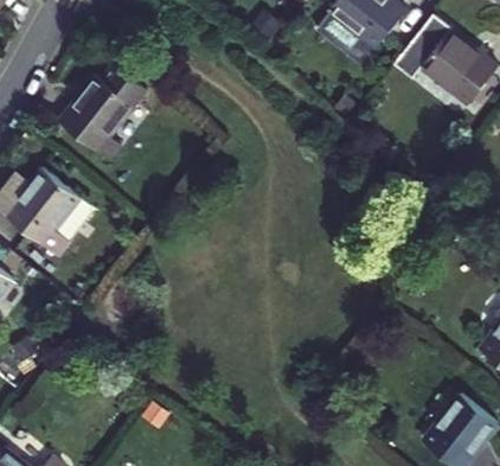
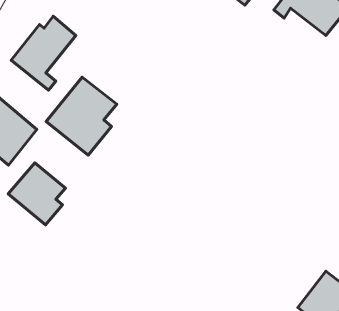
building: none -> [46,77,117,155]
building: none -> [8,163,65,225]

